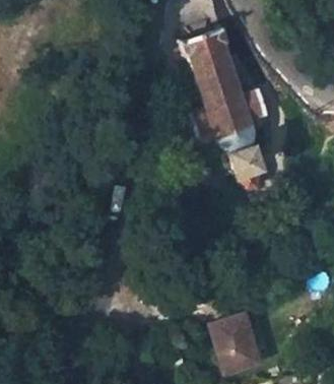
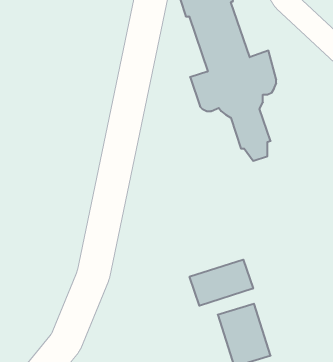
building: none -> [190,260,253,306]

